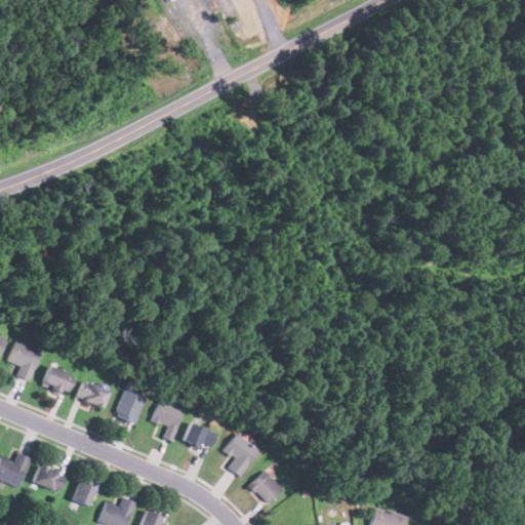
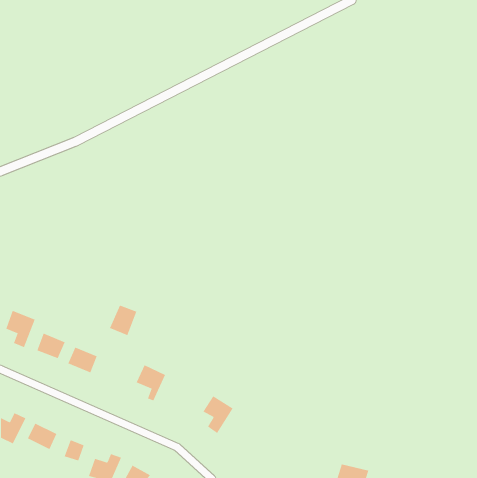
building: [114,391,145,425] -> [109,305,137,336]
building: [184,423,216,449] -> none
building: [249,471,282,503] -> none

